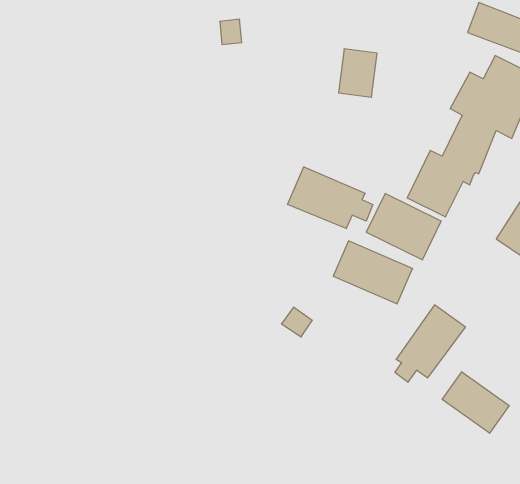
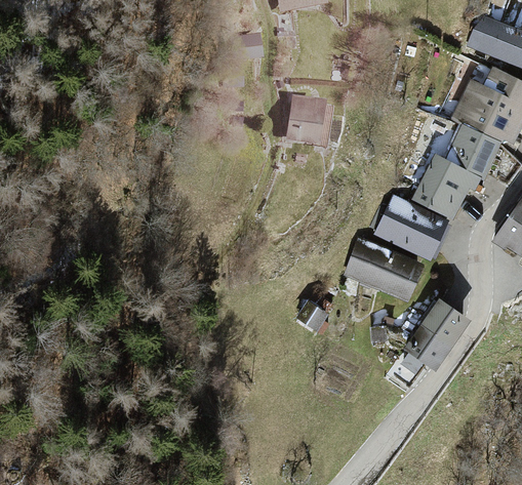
building: [339,49,377,97] -> [288,97,324,143]
building: [288,167,373,229] -> none
building: [442,372,509,433] -> none

